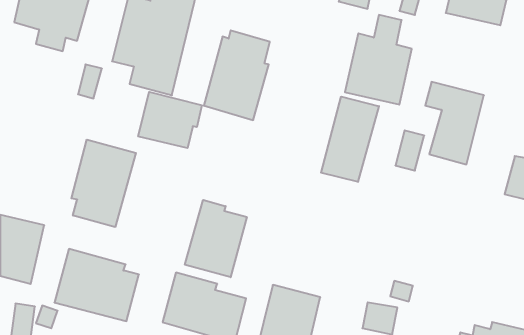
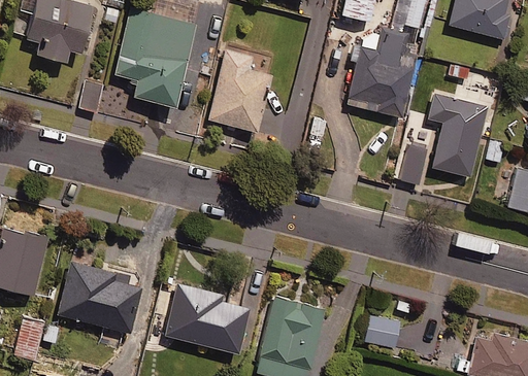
building: [138,92,202,148] -> none
building: [321,97,379,182] -> none
building: [71,140,136,227] -> none
building: [185,200,247,277] -> none

